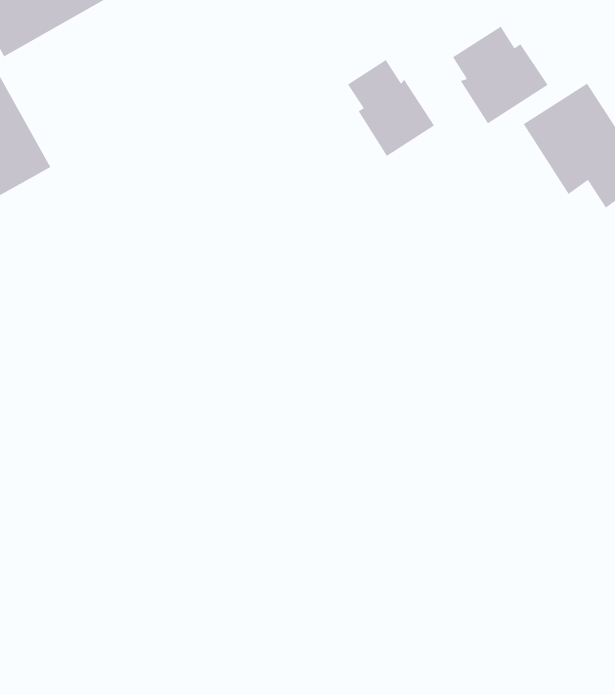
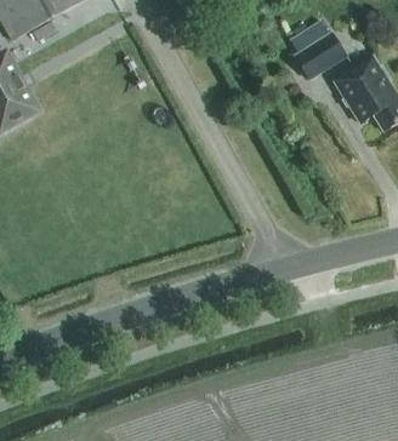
building: [347,59,435,157] -> none

